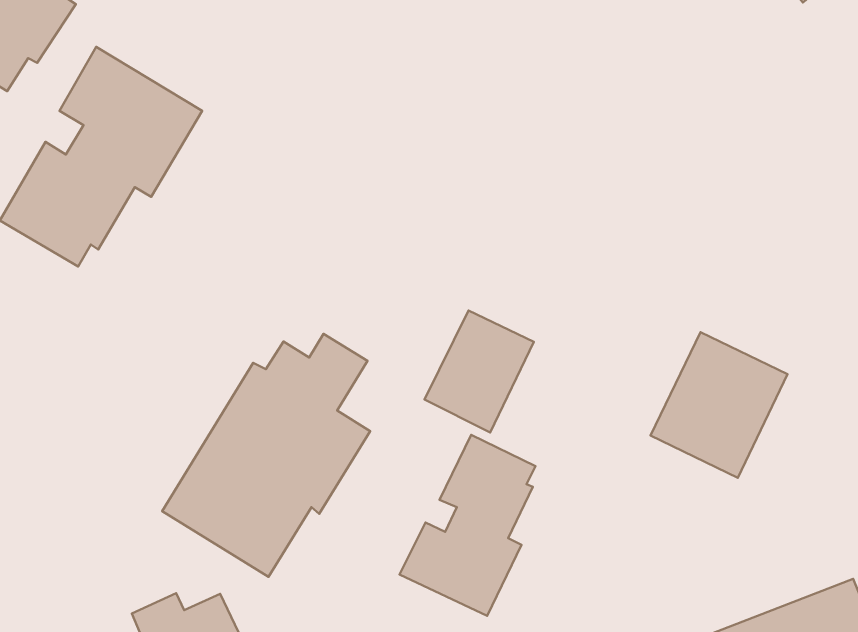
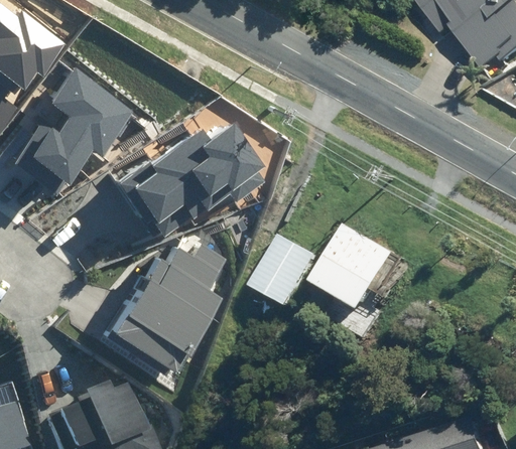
building: none -> [119,124,267,237]
building: [651,332,788,478] -> [314,220,395,305]
building: [399,435,535,616] -> none

